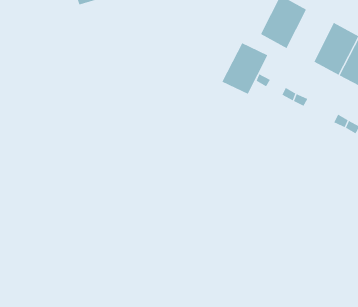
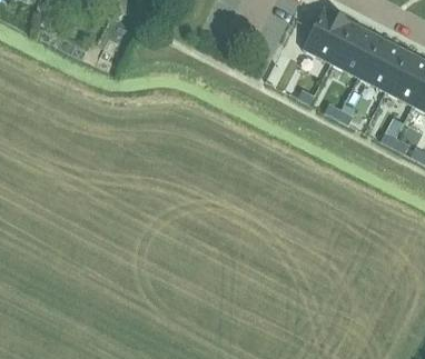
building: [221,42,268,95] -> [332,22,380,77]

